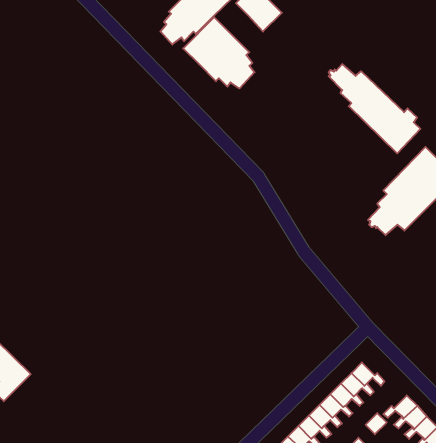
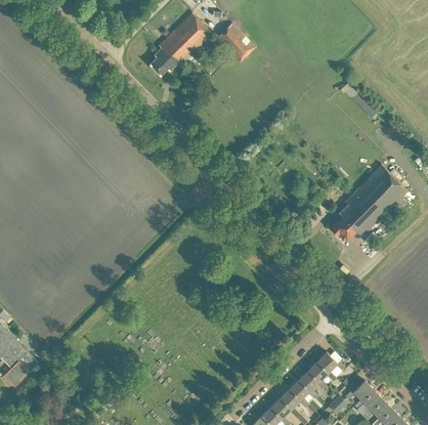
building: [183,17,255,88] -> none
building: [329,64,420,153] -> none

